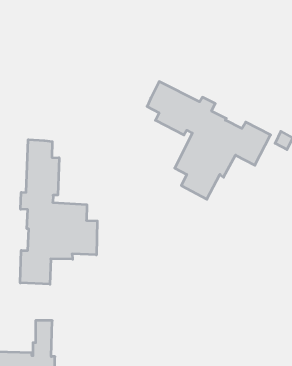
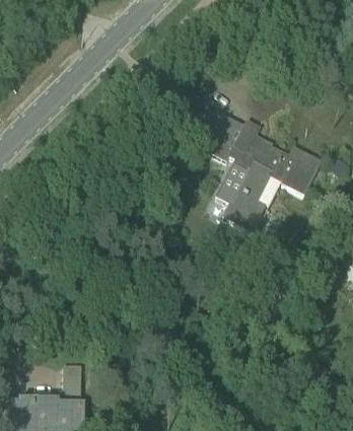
building: [20,140,97,284] -> none

